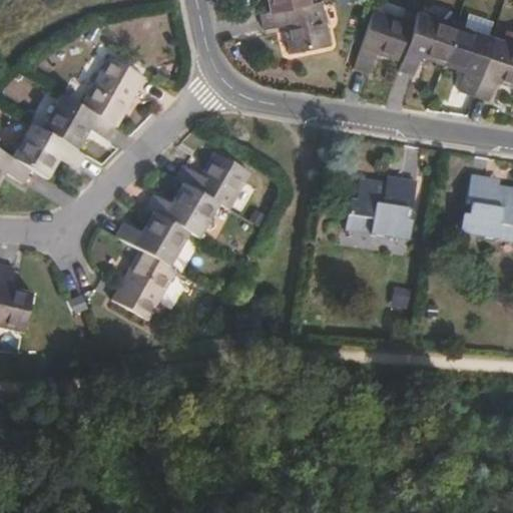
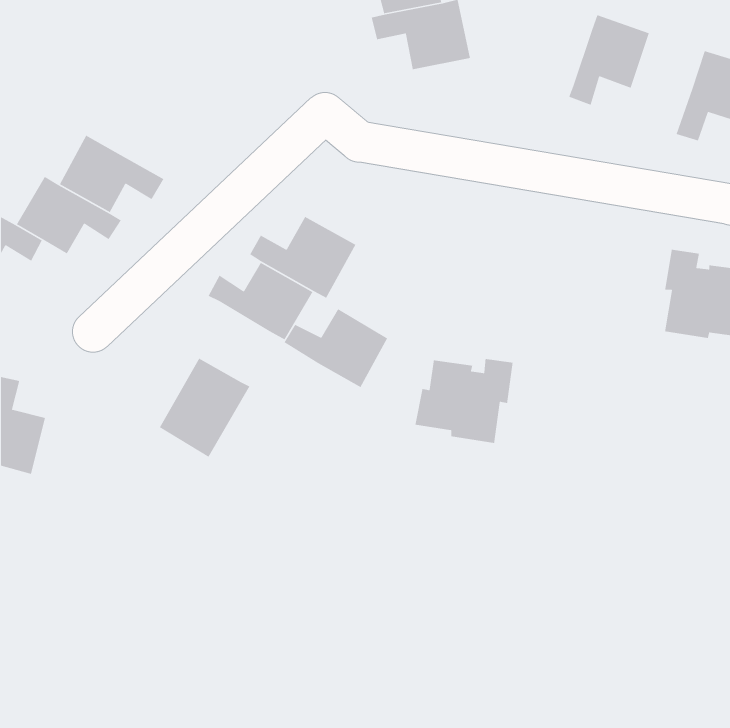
building: [355,7,415,71] -> none
building: [443,23,494,94] -> none
building: [82,55,145,126] -> none
building: [347,177,416,237] -> [415,358,513,444]
building: [116,211,189,268] -> [284,308,388,388]

